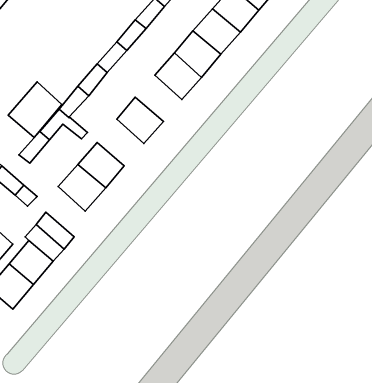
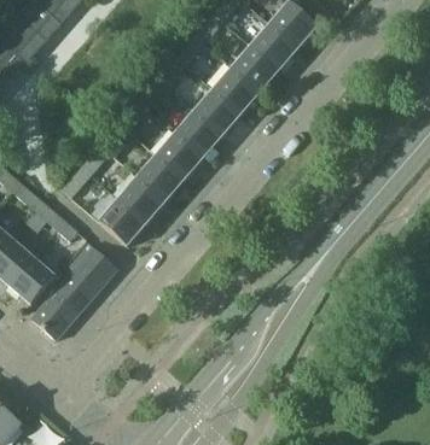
building: none -> [176,110,222,156]
building: [8,82,62,138] -> none
building: none -> [139,153,185,199]

